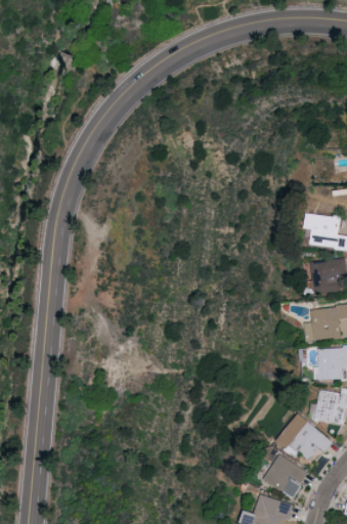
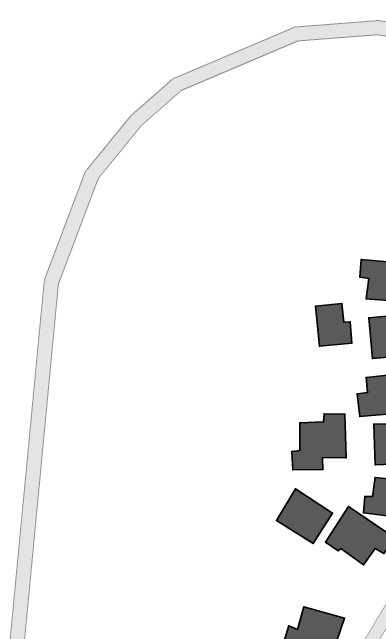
building: none -> [316,303,352,346]
building: none -> [292,414,346,470]
building: [264,454,309,498] -> [277,489,332,543]

